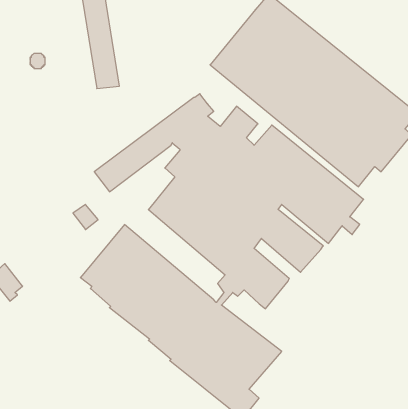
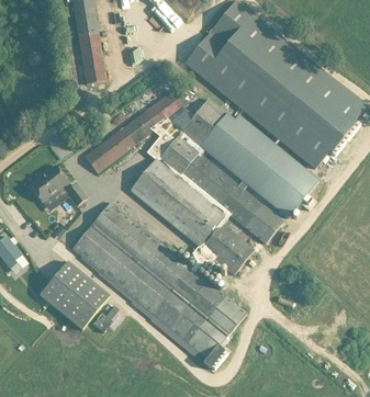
building: none -> [29,165,68,202]
building: none -> [40,261,109,329]

